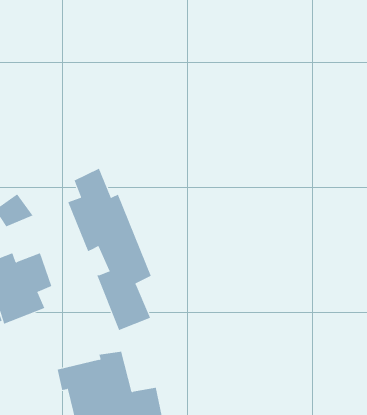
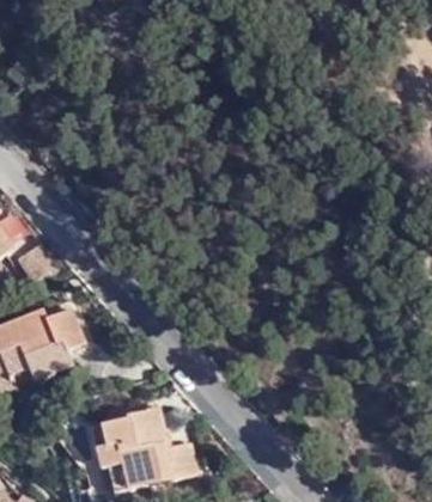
building: [67,168,152,331] -> none

